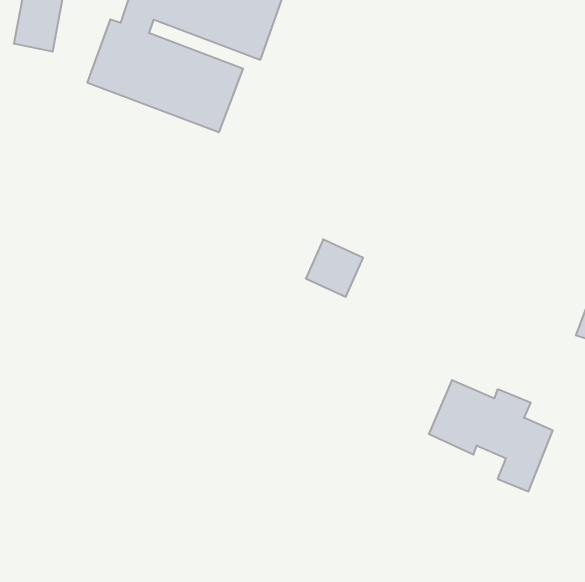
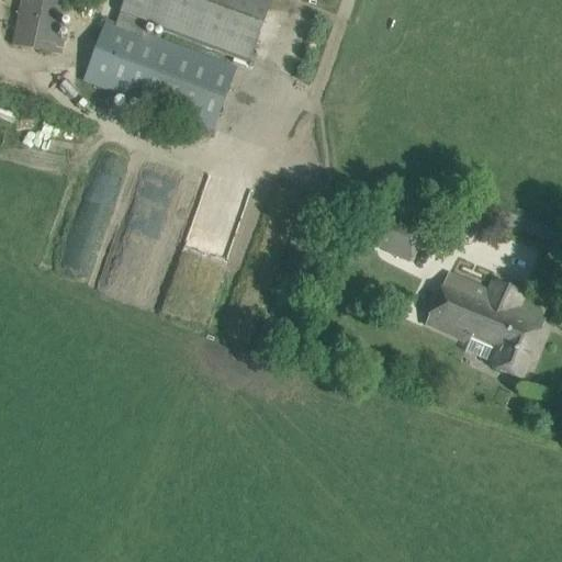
building: [306,239,363,297] -> [372,205,427,260]
building: [429,380,553,491] -> [427,270,546,376]

